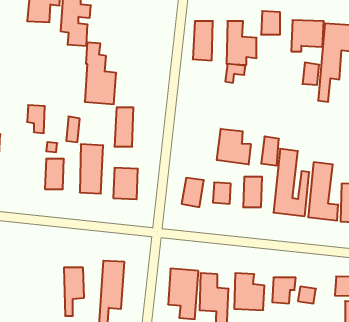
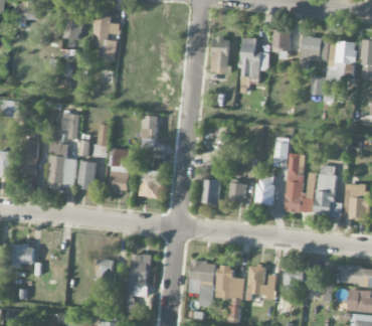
building: [85,42,116,104] -> [48,133,76,188]
building: [217,129,251,165] -> none

